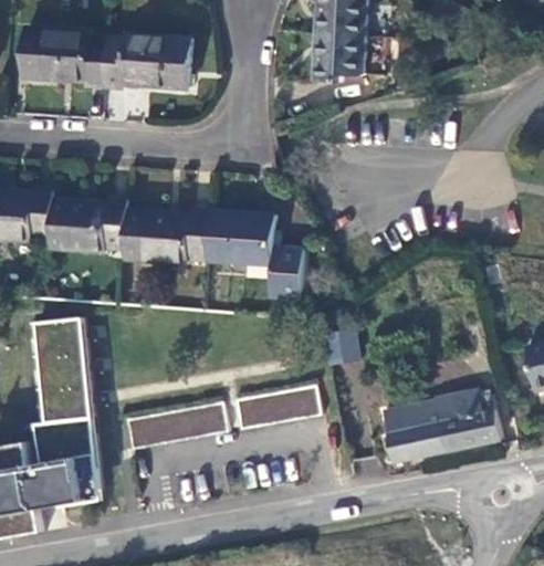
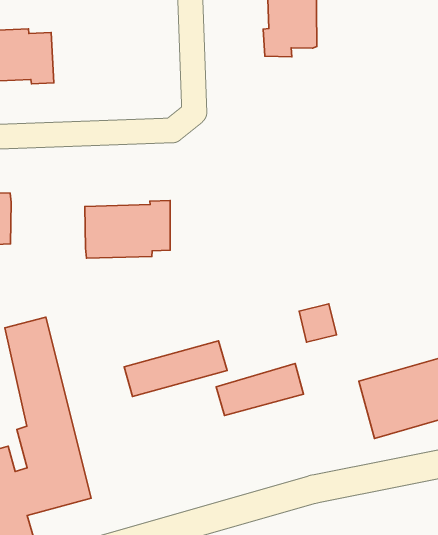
building: [105,34,190,87] -> none
building: [48,196,125,254] -> none
building: [203,212,301,300] -> none
building: [126,401,227,448] -> [124,341,227,396]

